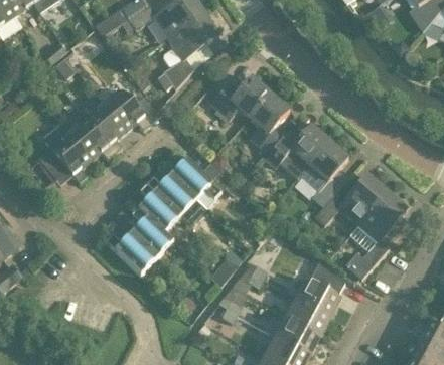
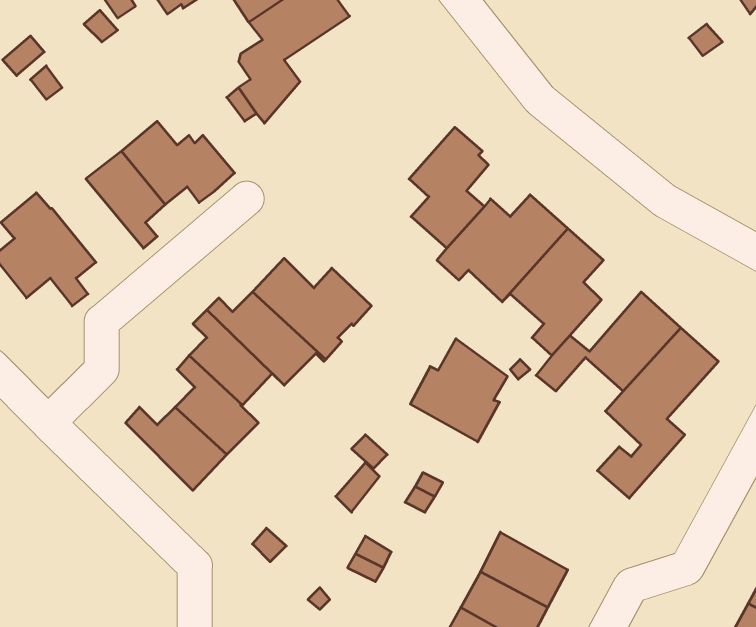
building: [211,76,273,119] -> none
building: [68,118,115,160] -> none
building: [296,263,345,316] -> [410,339,507,442]

